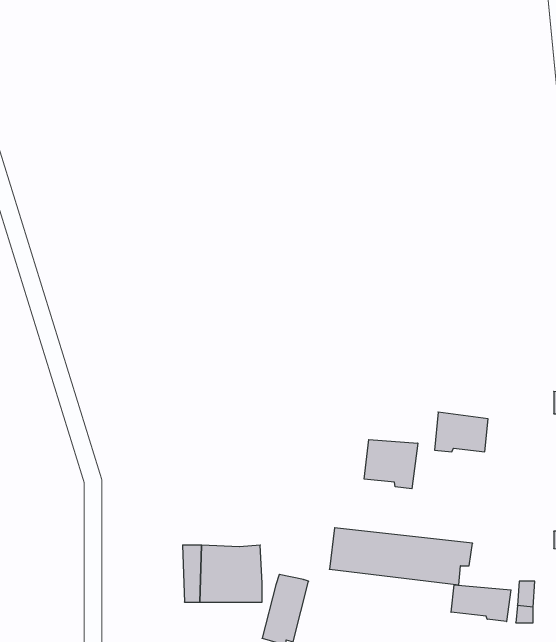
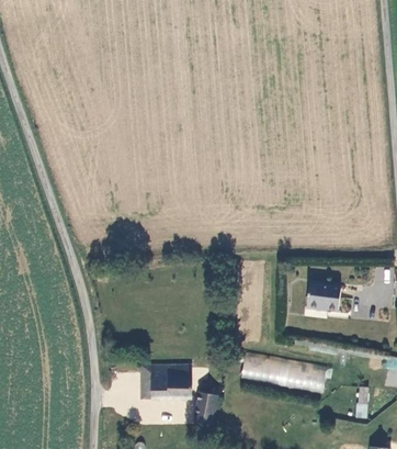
building: [364,440,418,489] -> none
building: [451,585,511,622] -> none

